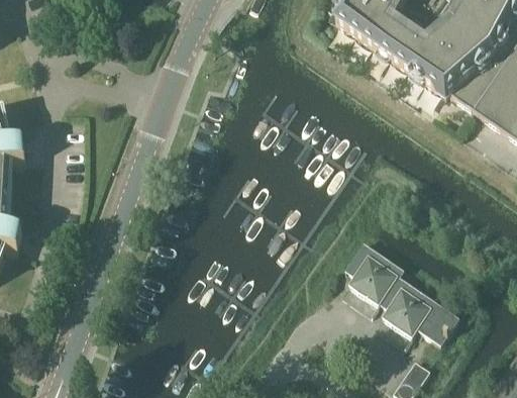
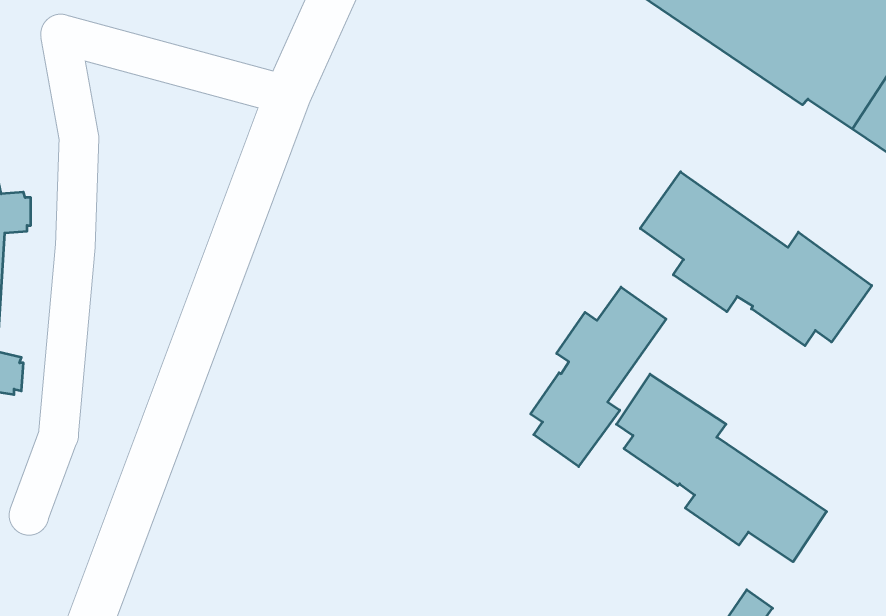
building: none -> [640,172,872,346]
building: none -> [531,287,666,467]

